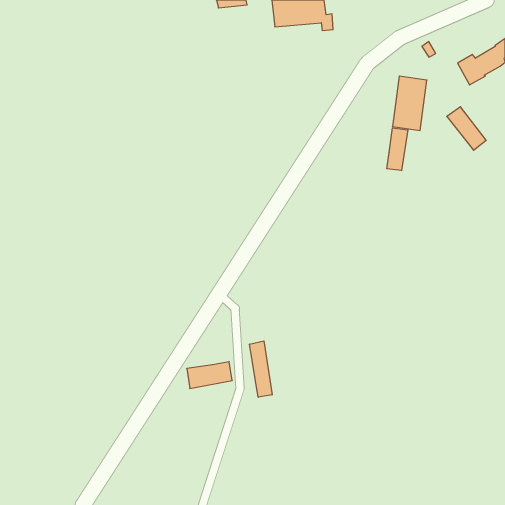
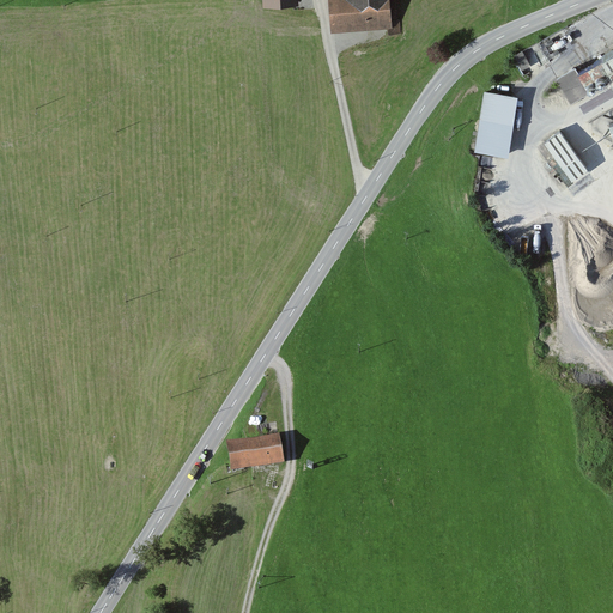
building: [387,128,408,171] -> none
building: [250,341,272,397] -> none

